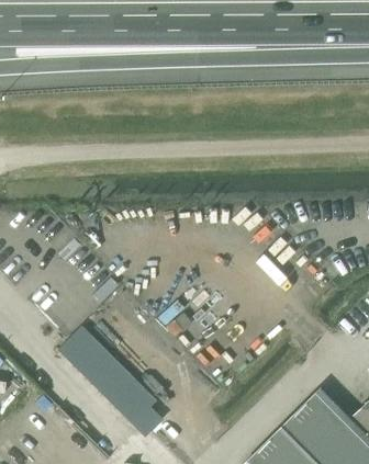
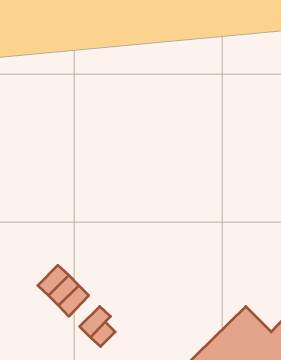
building: [58,326,94,363] -> none
building: [108,375,145,412] -> none

